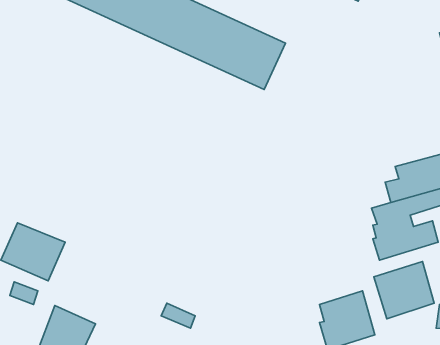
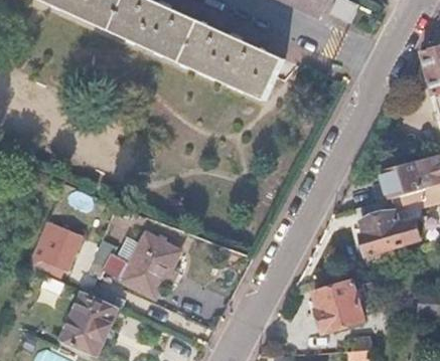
building: none -> [101,232,178,299]
building: [374,261,434,319] -> none

